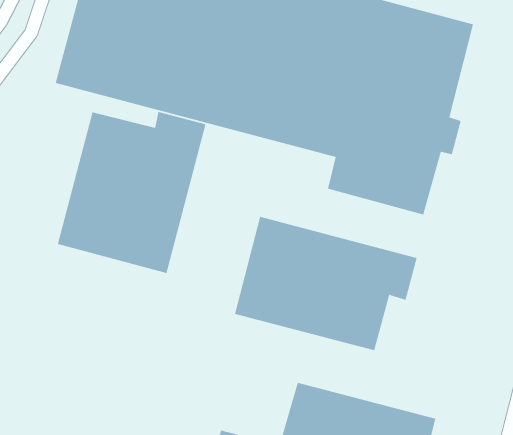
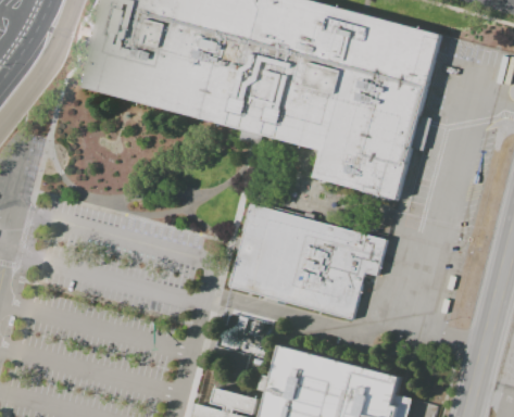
building: [57,111,206,274] -> none

